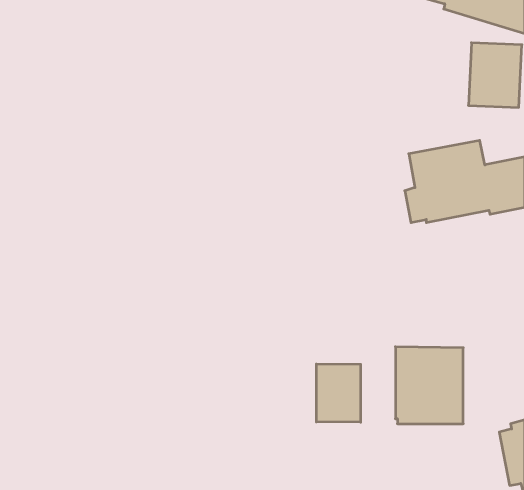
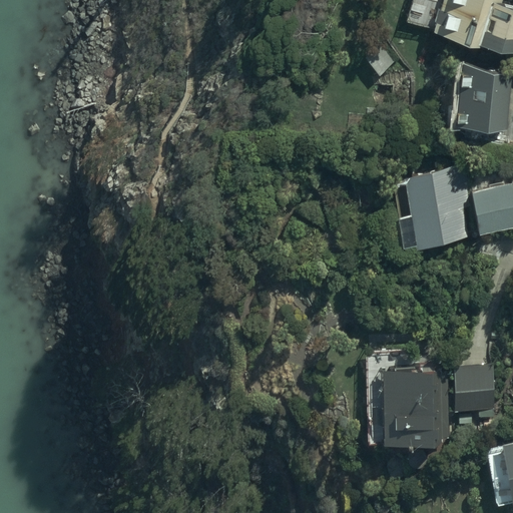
building: none -> [452,366,495,421]
building: [316,364,361,422] -> none

